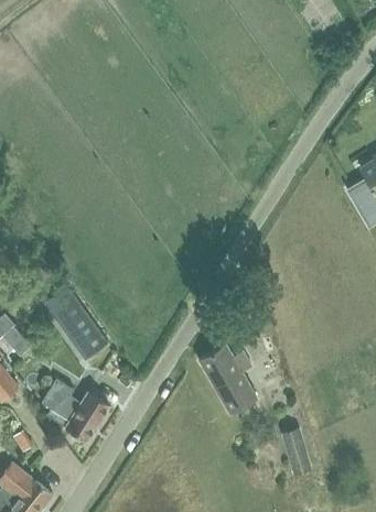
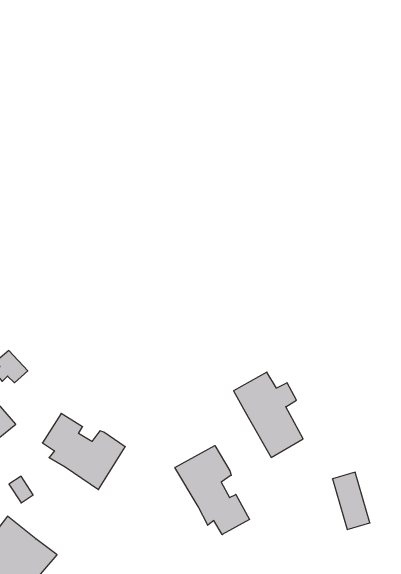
building: [52,286,109,360] -> none
building: none -> [175,446,250,535]

